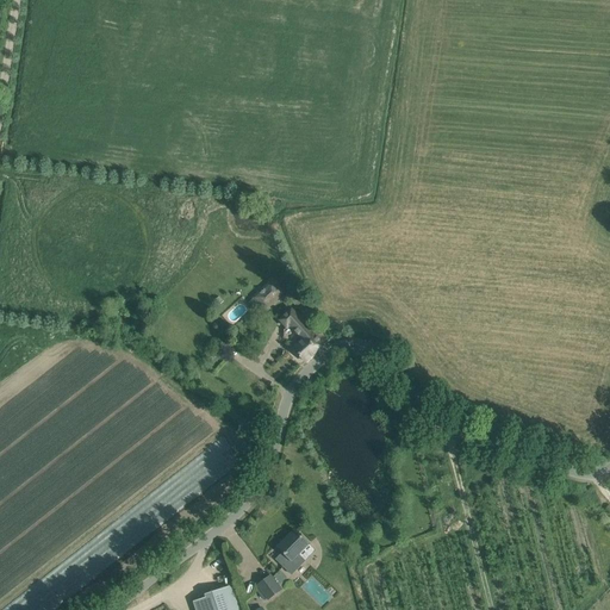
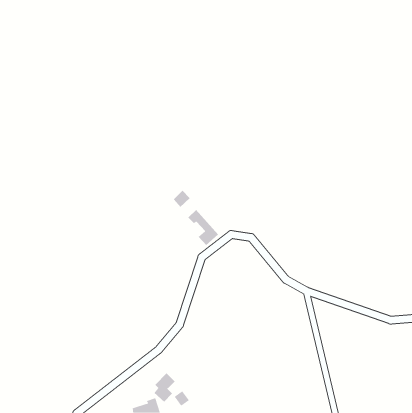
building: [275,530,307,574] -> [154,373,175,402]

